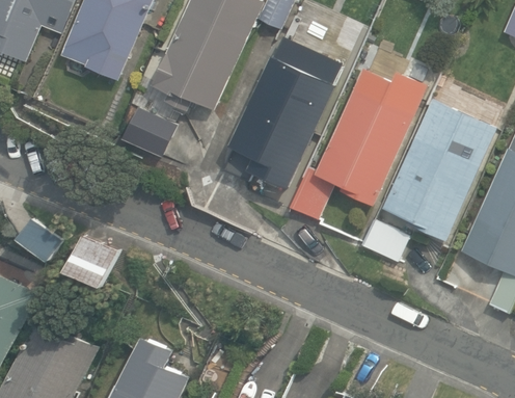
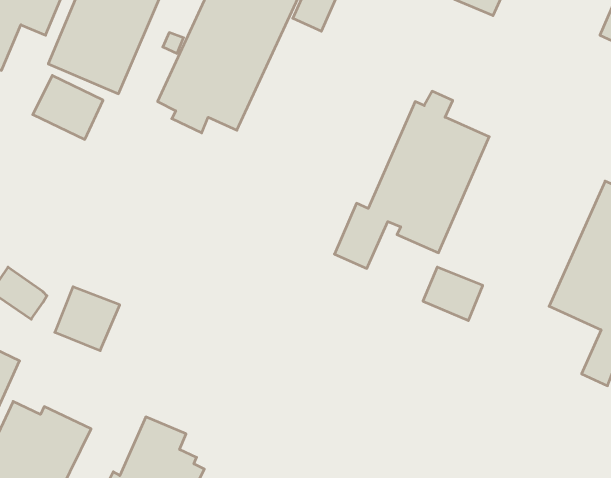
building: [223,36,336,187] -> none
building: [381,94,497,240] -> none
building: [120,105,177,156] -> [33,75,103,139]

